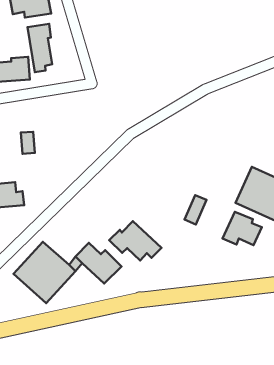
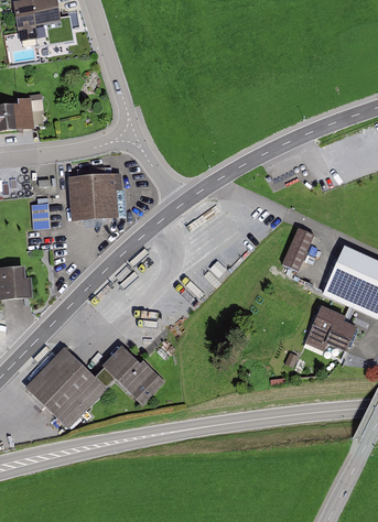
building: [28,24,52,72] -> none
building: none -> [68,172,126,219]
building: [185,195,207,224] -> [283,226,313,265]
building: [109,221,161,260] -> none

